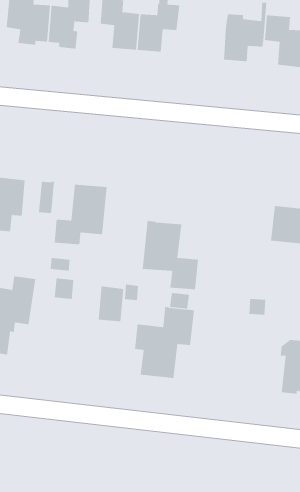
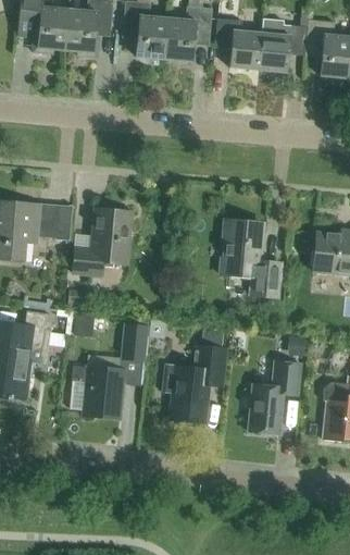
building: none -> [214,17,262,70]
building: [142,220,199,290] -> [220,220,283,297]
building: none -> [247,360,302,435]
building: none -> [70,366,125,418]

